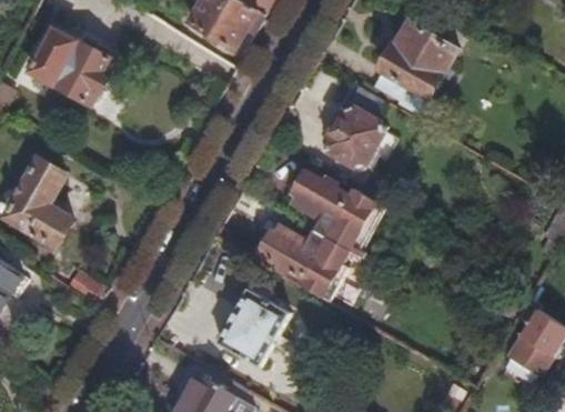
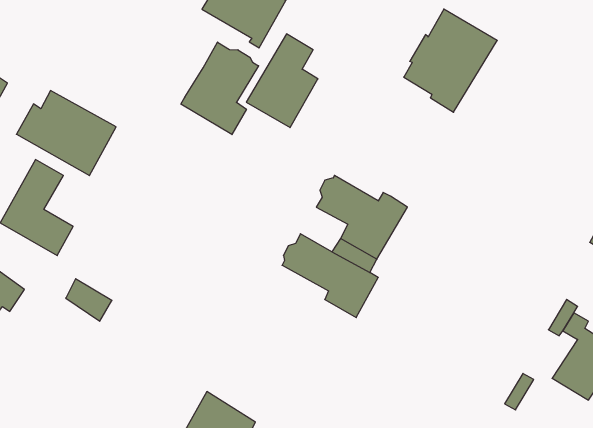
building: [20,28,111,105] -> [16,91,116,176]
building: none -> [181,42,259,135]
building: [322,86,387,171] -> [246,34,318,128]
building: [218,290,289,366] -> none

